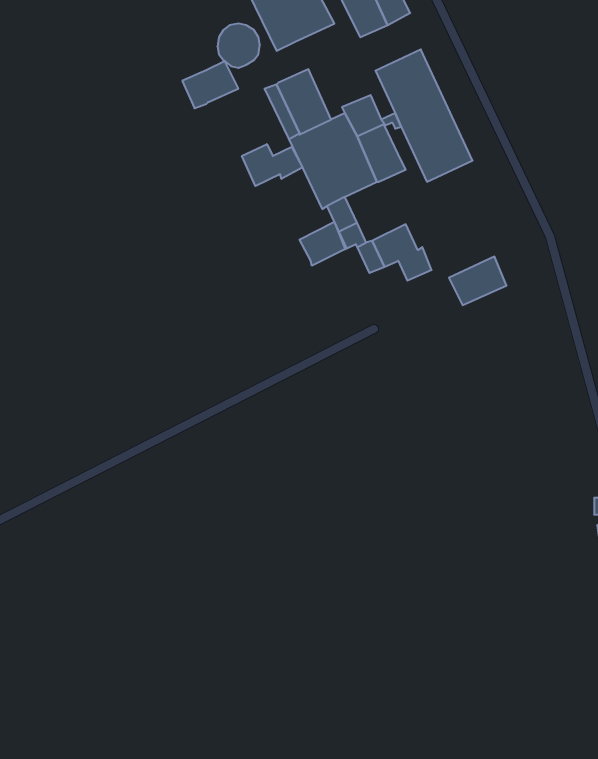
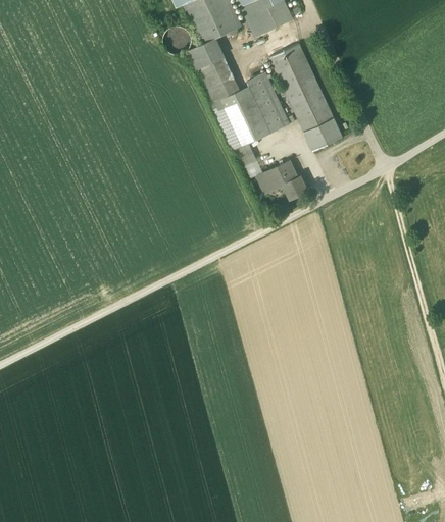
building: [182,61,238,108] -> [186,38,224,69]
building: [242,144,302,186] -> none
building: [300,222,345,266] -> none
building: [449,257,507,305] -> [303,117,342,150]

